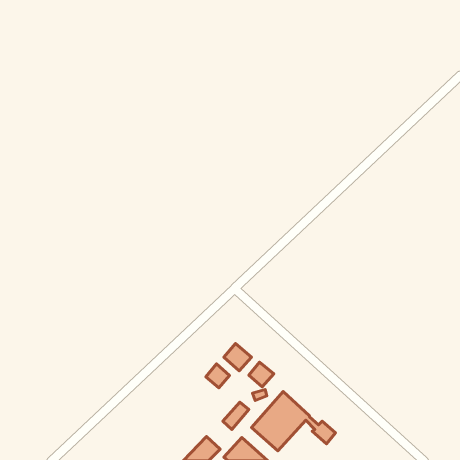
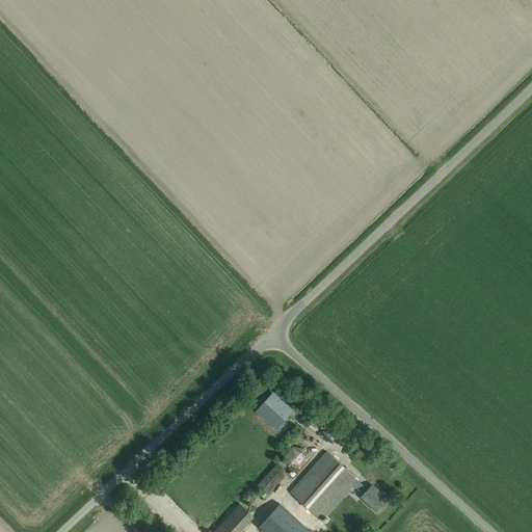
building: [249,362,274,387] -> none
building: [206,364,229,388] -> none

